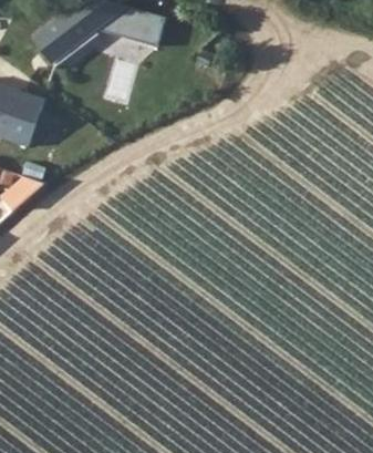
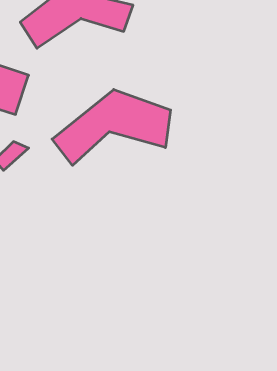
building: none -> [52,89,171,165]

